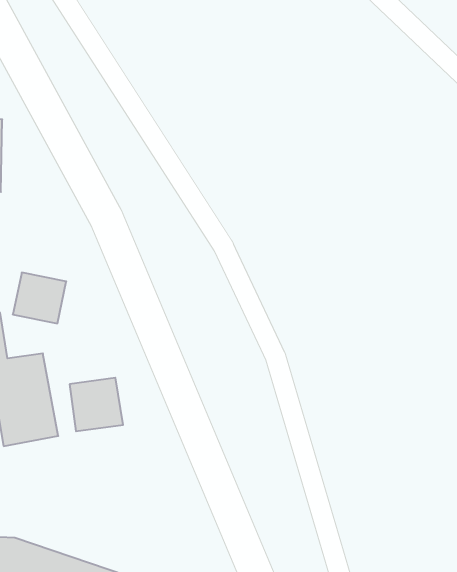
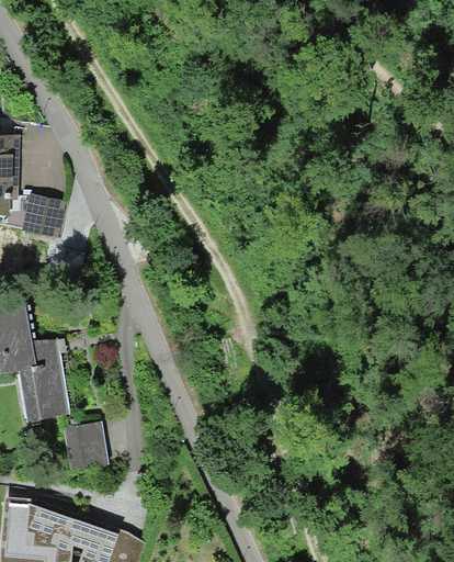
building: [13,273,66,323] -> [23,198,69,241]
building: [70,378,123,431] -> [60,423,106,469]

